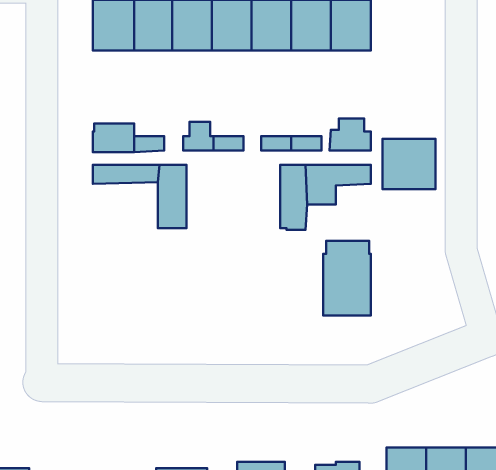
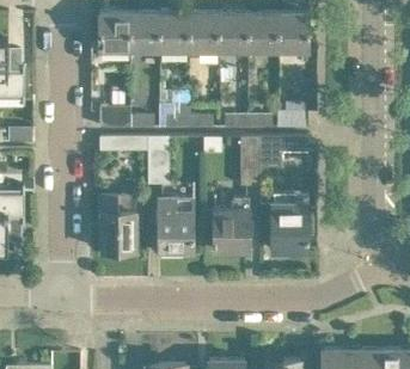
building: [383,139,436,189] -> none
building: none -> [99,195,135,252]
building: none -> [212,197,249,251]
building: none -> [158,198,192,252]

